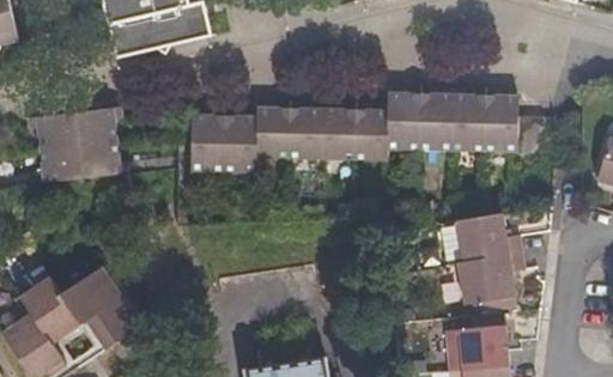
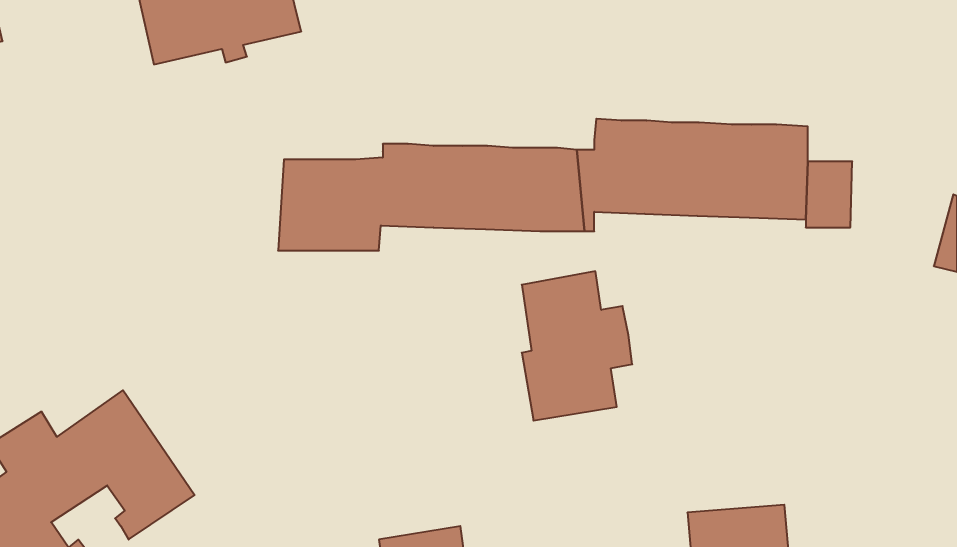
building: [31,110,134,188] -> none
building: [455,214,523,306] -> [522,271,632,421]

